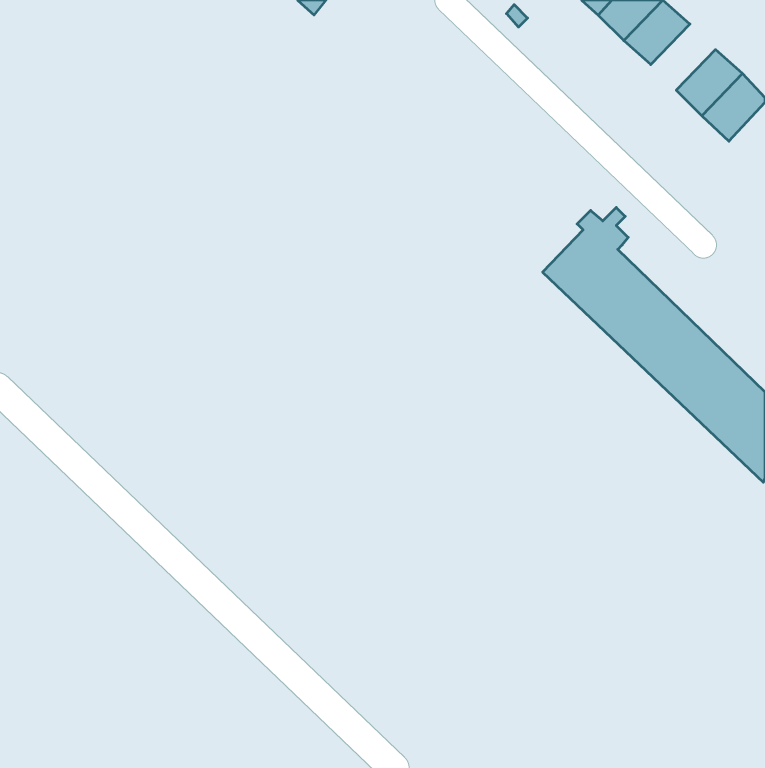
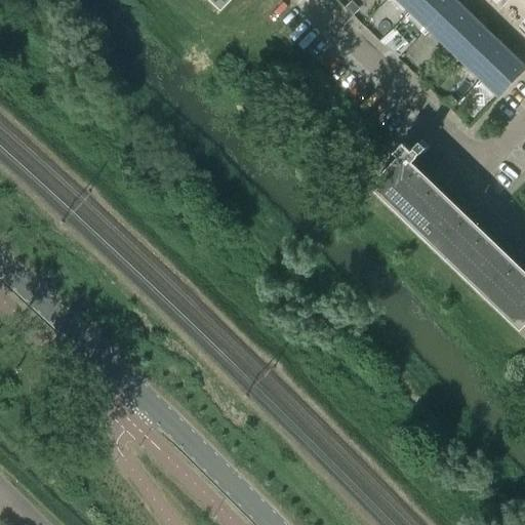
building: none -> [444,16,488,62]

